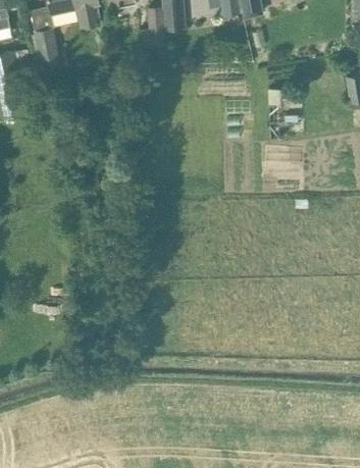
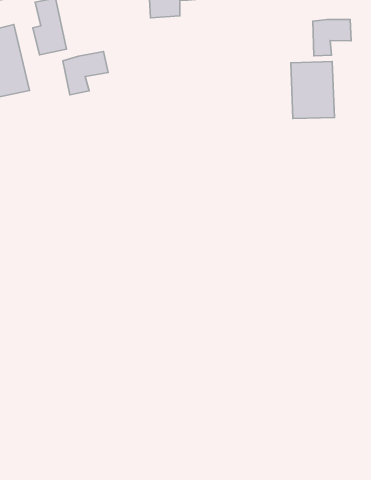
building: none -> [313,19,351,56]
building: none -> [63,52,108,95]

